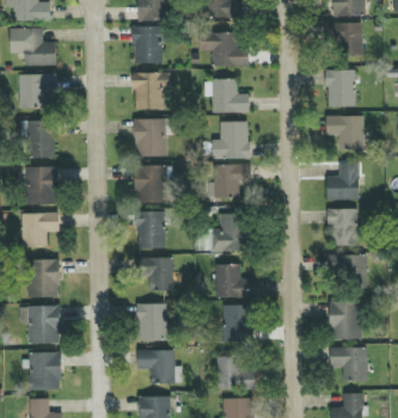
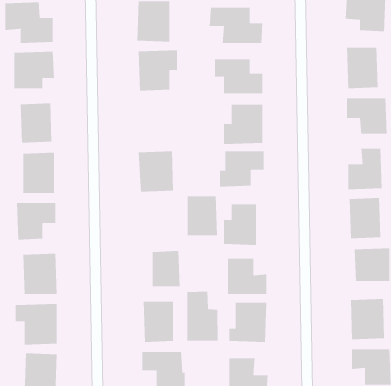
building: [134,118,166,156] -> none
building: [136,211,165,248] -> [187,196,218,236]
building: none -> [187,291,218,341]

